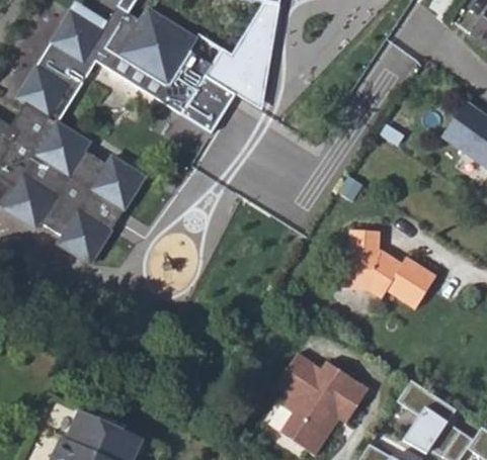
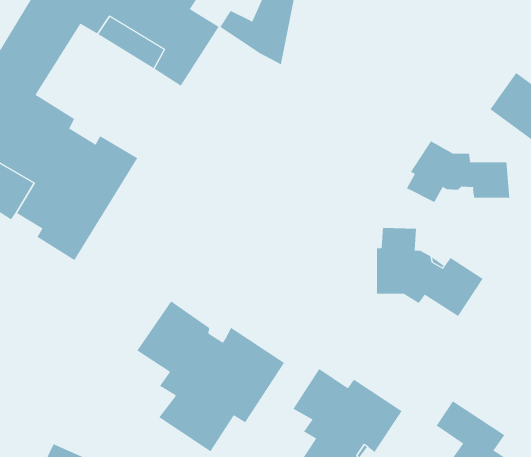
building: [180,63,246,133] -> none
building: none -> [406,141,510,203]
building: none -> [136,300,285,452]

